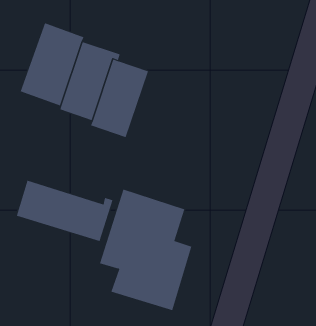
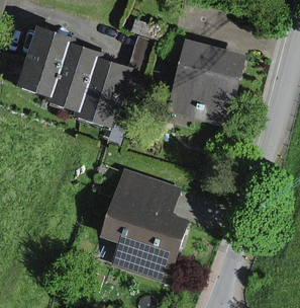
building: none -> [167,44,236,125]
building: [16,180,113,242] -> none

